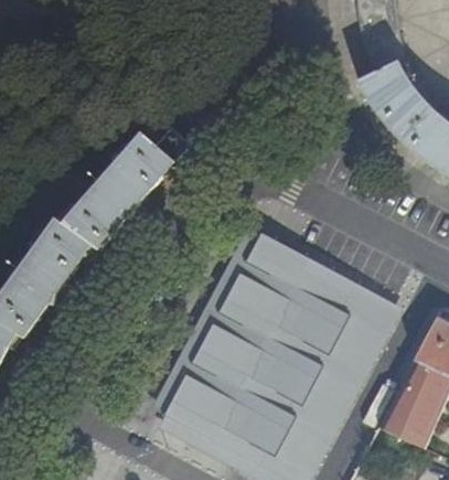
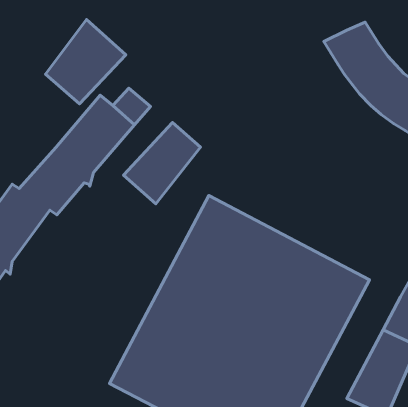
building: none -> [45,20,126,104]
building: none -> [124,123,200,204]

